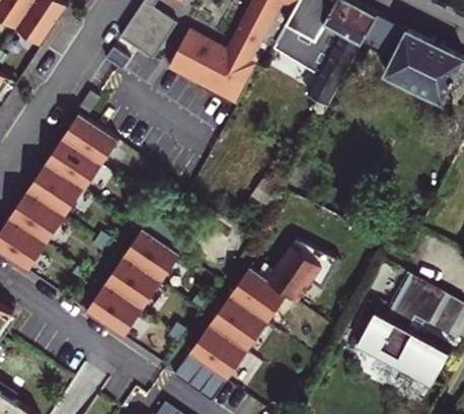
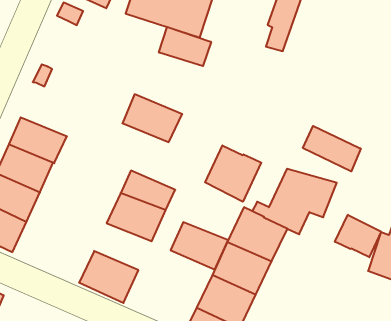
building: none -> [159,27,211,66]
building: [54,124,111,175] -> [122,94,182,142]
building: none -> [303,126,361,171]
building: none -> [205,145,261,202]
building: [101,263,157,313] -> [171,222,228,269]
building: none -> [335,215,381,257]

